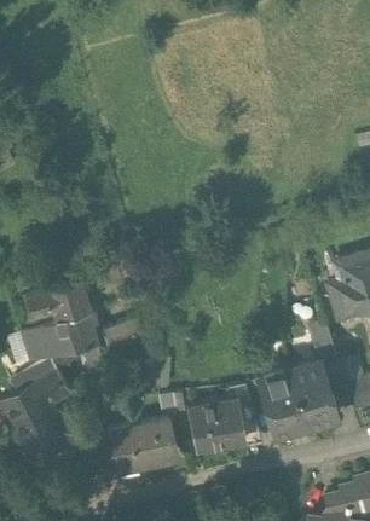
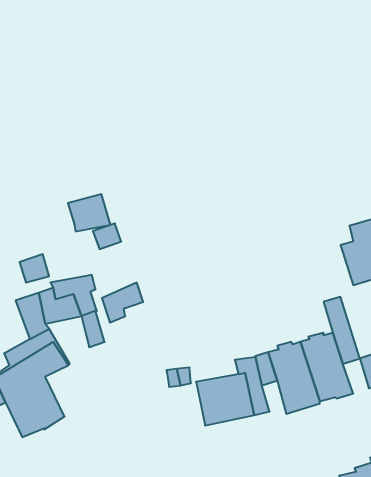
building: [47,279,87,314] -> [68,194,110,231]
building: [109,419,177,474] -> none

